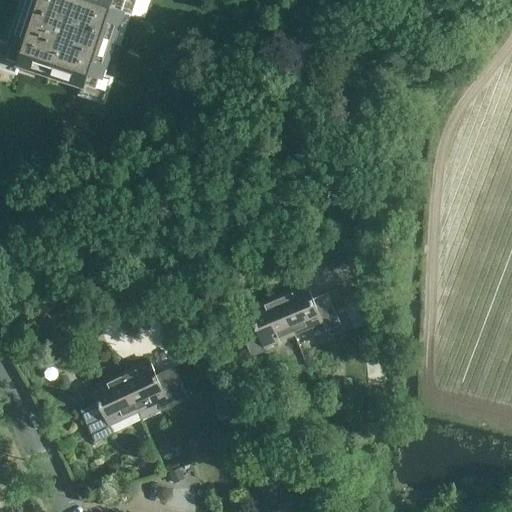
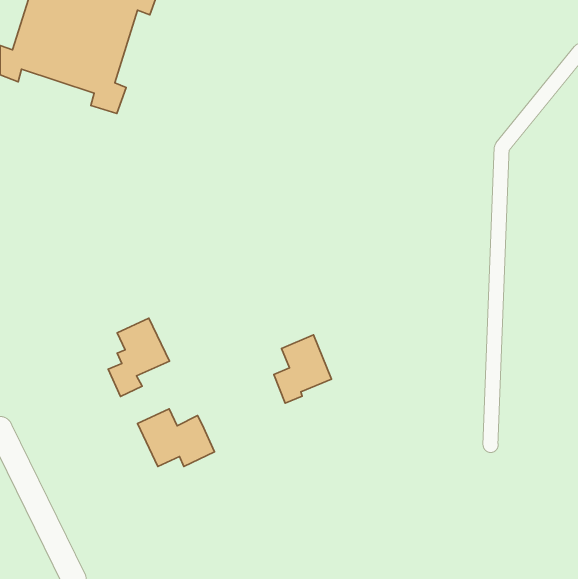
building: [278,282,342,334] -> none
building: [87,373,141,442] -> [108,318,169,396]

